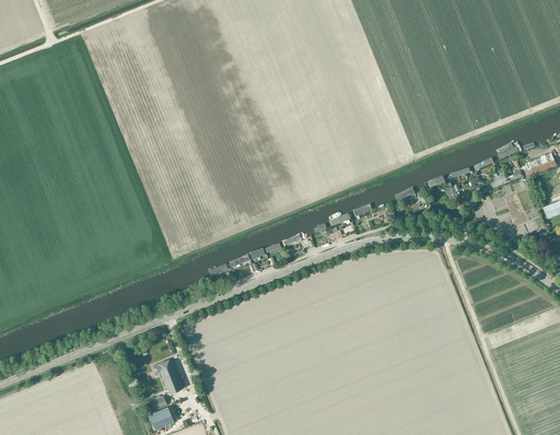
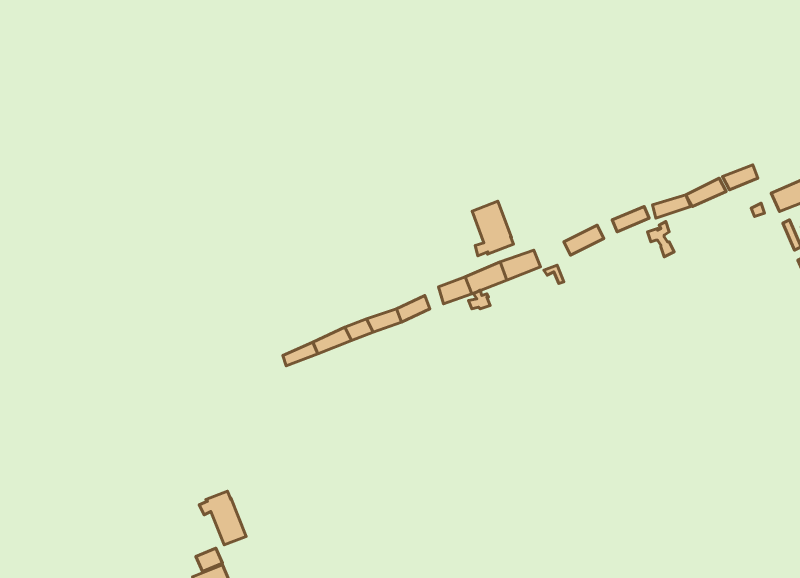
building: none -> [472,201,513,256]

